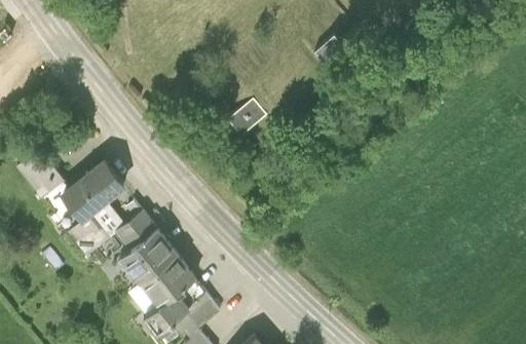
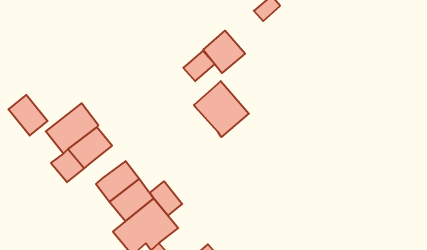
building: none -> [203,31,245,73]
building: none -> [194,81,249,137]
building: [115,213,157,252] -> none
building: none -> [150,181,182,215]

